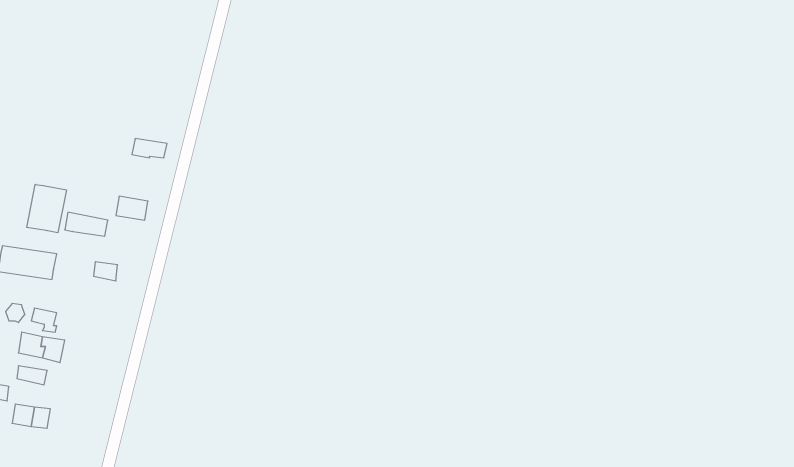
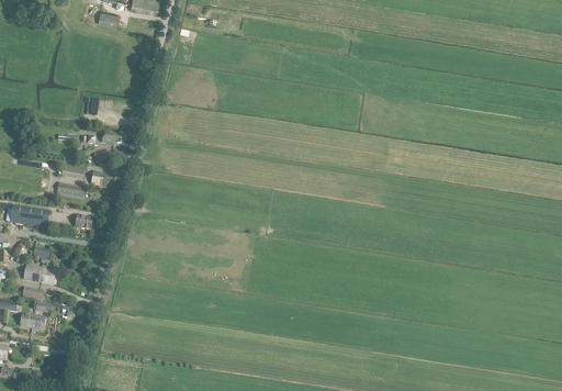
building: [27,184,66,233] -> none

